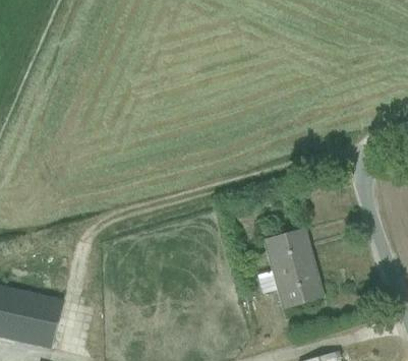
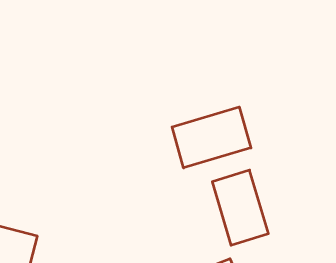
building: none -> [172,107,251,168]

